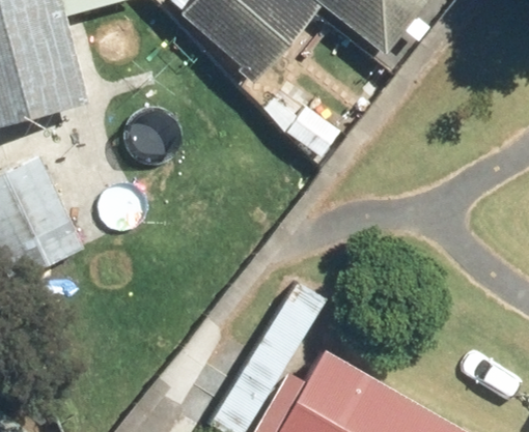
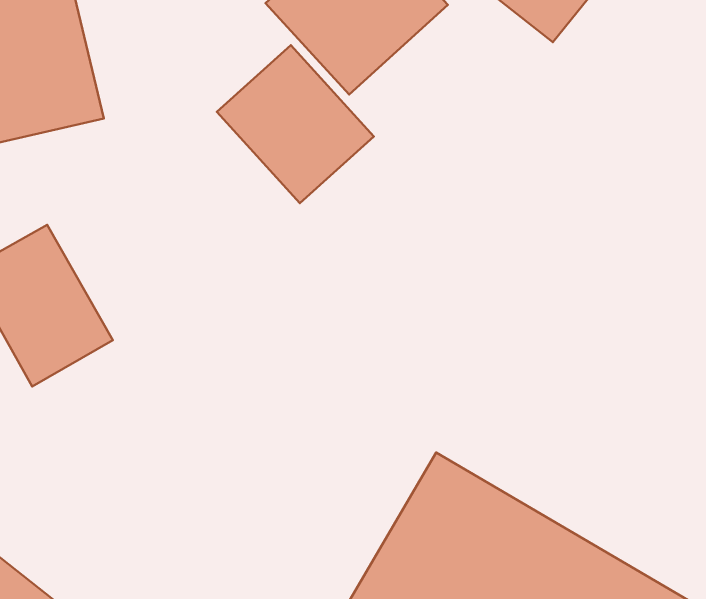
building: none -> [217,45,374,203]

